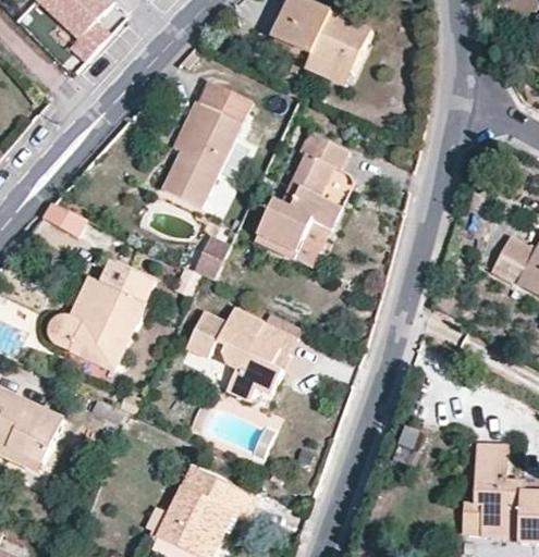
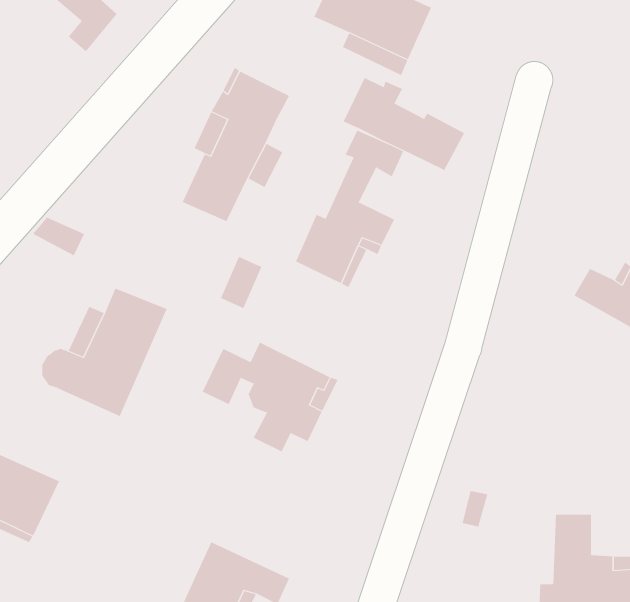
building: none -> [343,77,465,171]

